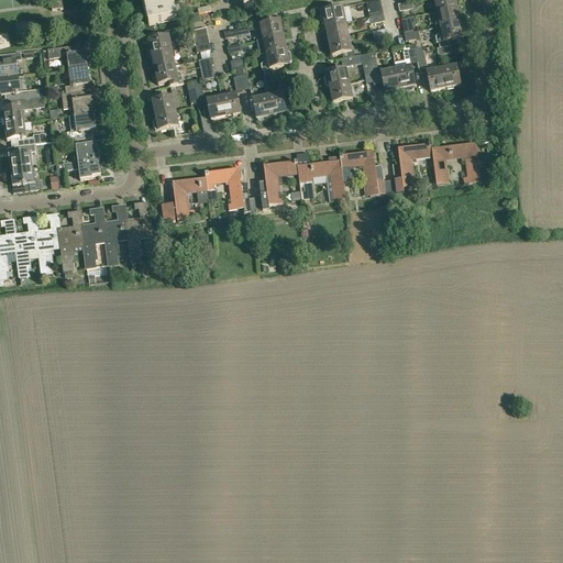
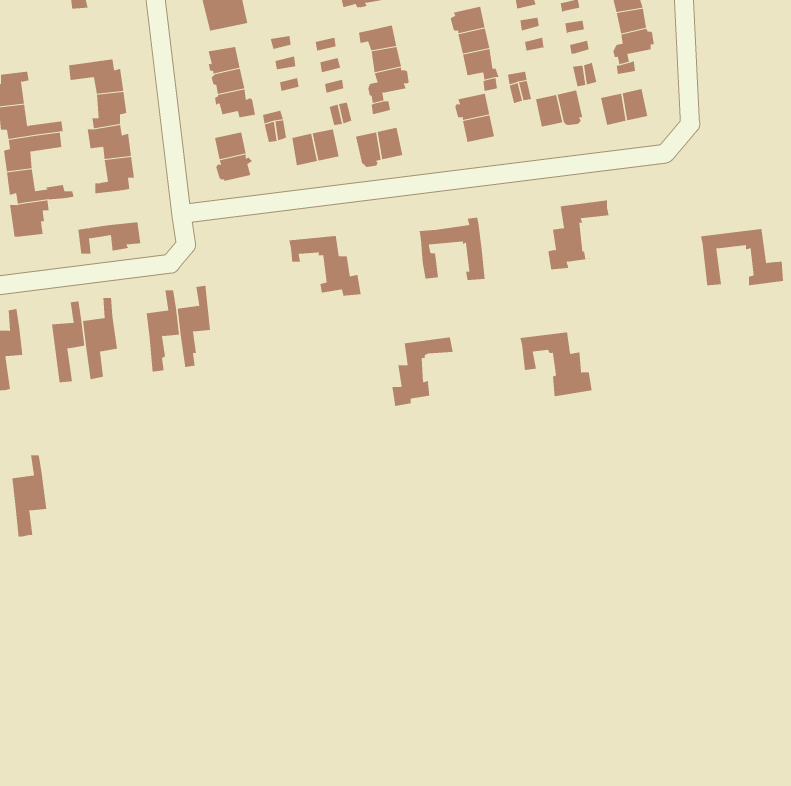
building: [67,135,100,159] -> none
building: [431,142,490,183] -> [700,229,784,286]
building: [339,150,390,196] -> [520,332,593,397]
building: [254,159,298,209] -> [391,337,453,407]
building: [10,166,40,189] -> none
building: [161,176,207,220] -> none
building: [80,208,106,266] -> none
building: [14,217,40,275] -> [12,455,47,537]

